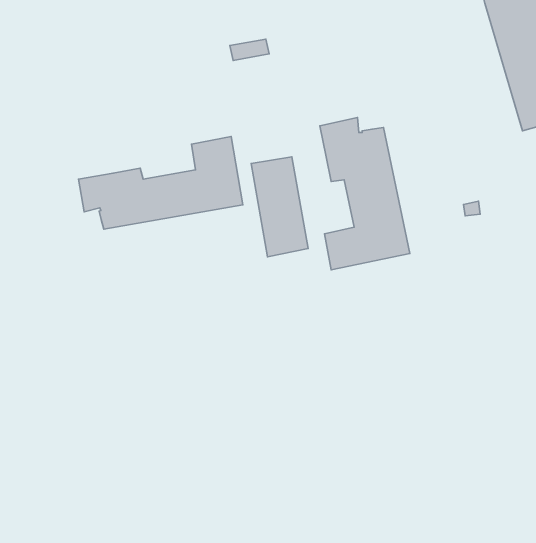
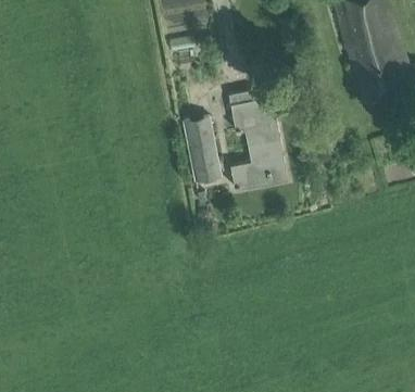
building: [79,137,243,229] -> none

